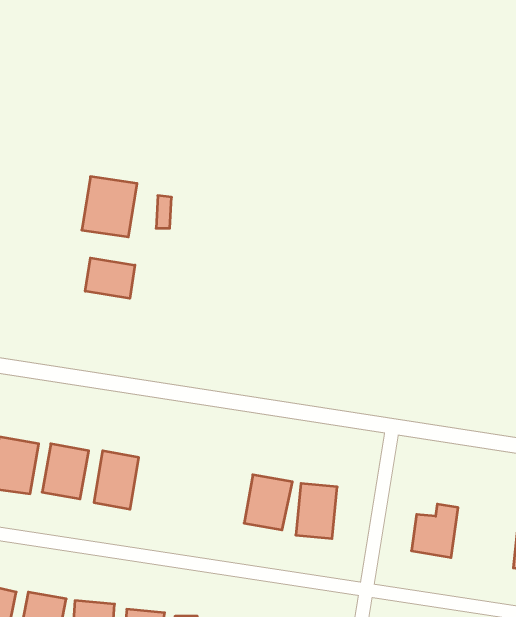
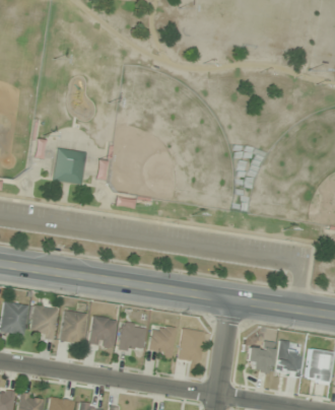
building: [85,258,135,298] -> none
building: none -> [89,316,117,347]
building: none -> [120,322,146,351]
building: none -> [277,340,304,372]

